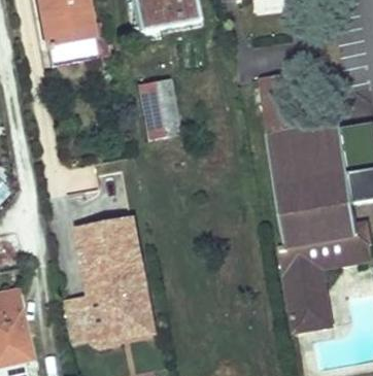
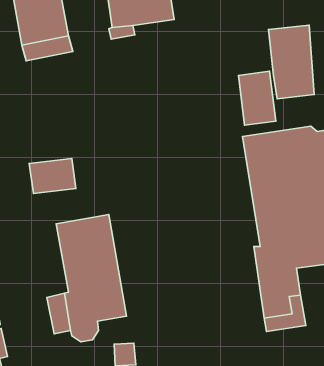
building: none -> [269,25,314,99]
building: [137,77,178,139] -> none

